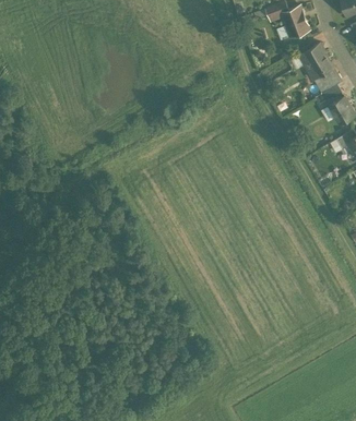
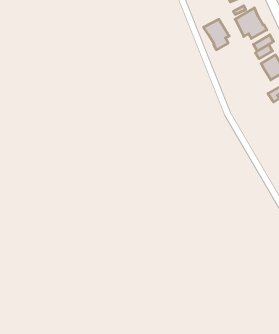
building: none -> [204,19,229,50]

